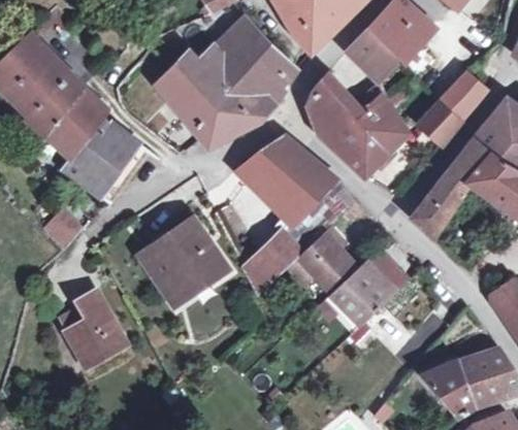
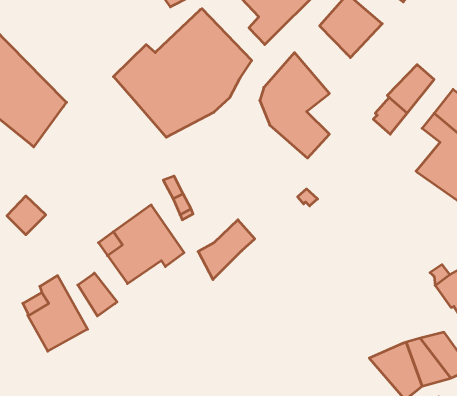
building: [347,31,395,79] -> none
building: [354,97,400,176] -> none
building: [60,114,148,203] -> none
building: [239,136,336,221] -> none
building: [414,137,492,238] -> none
building: [287,226,353,287] -> none
building: [325,259,394,329] -> none
building: none -> [78,273,117,316]

